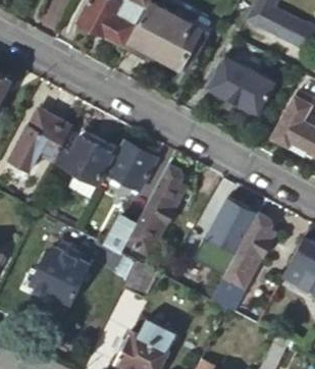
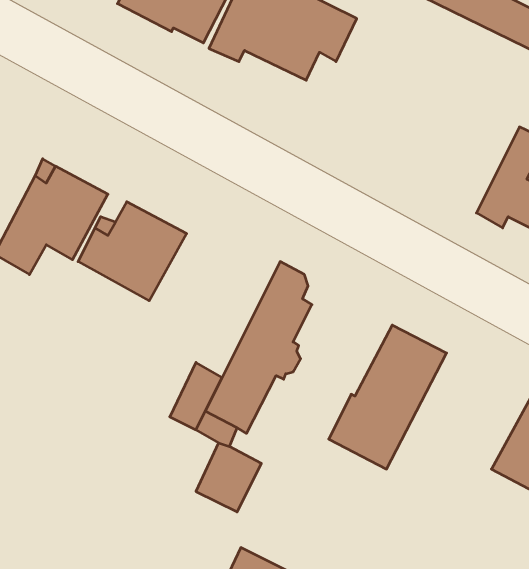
building: [207,53,276,114] -> none
building: [106,141,155,192] -> none
building: [211,213,272,313] -> none
building: [32,248,90,307] -> none

